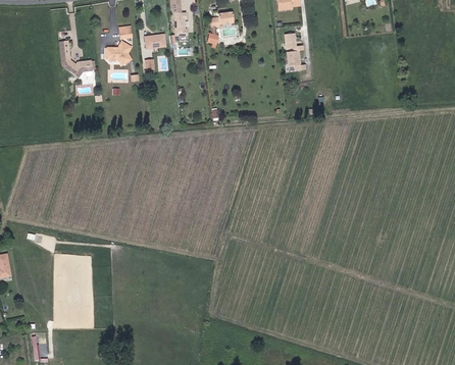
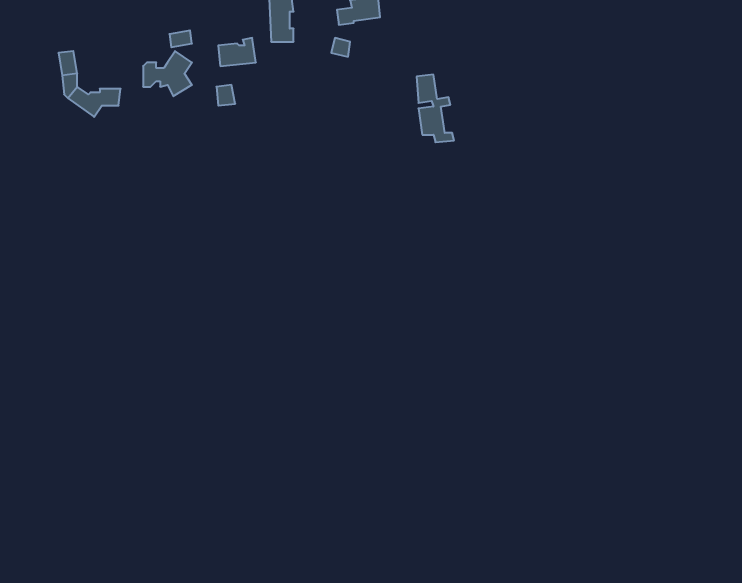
building: [284,32,304,68] -> [417,75,454,142]

